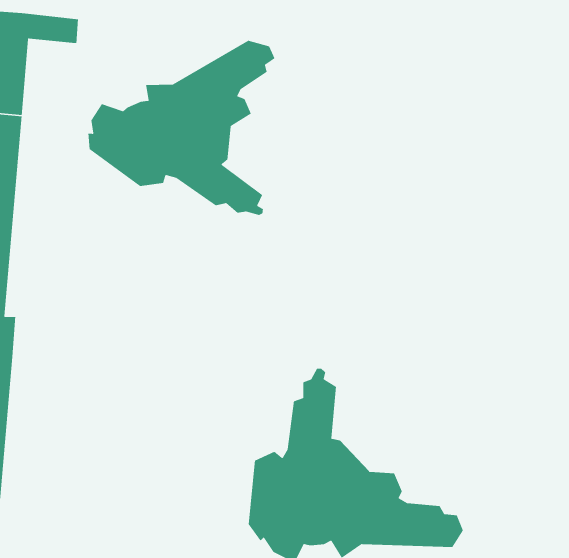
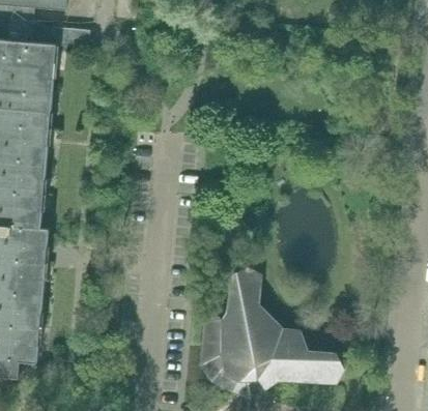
building: [87,40,276,216] -> none

